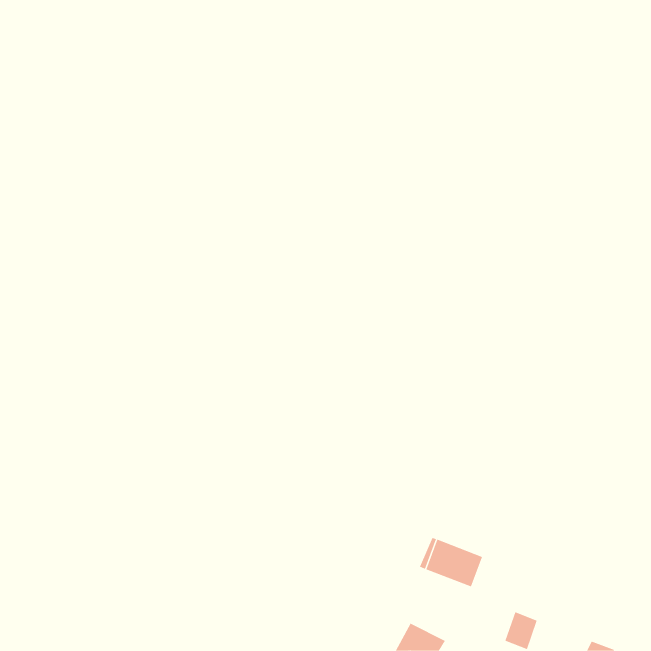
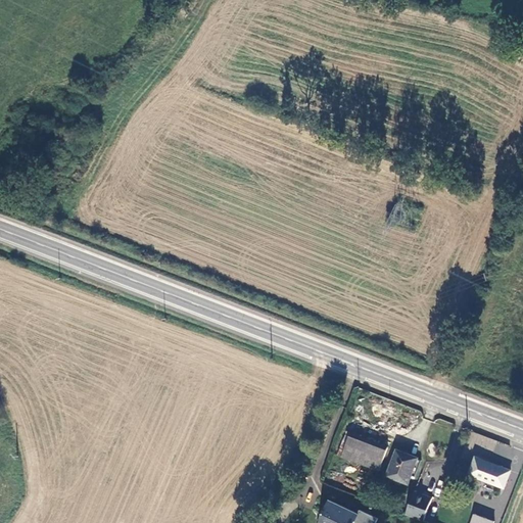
building: none -> [385,450,417,484]
building: none -> [468,457,510,488]

